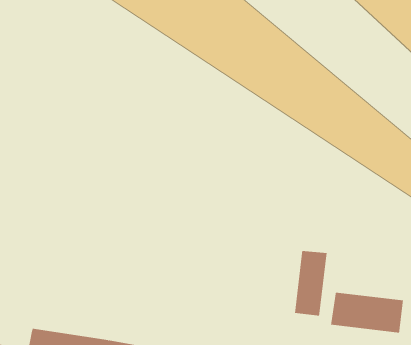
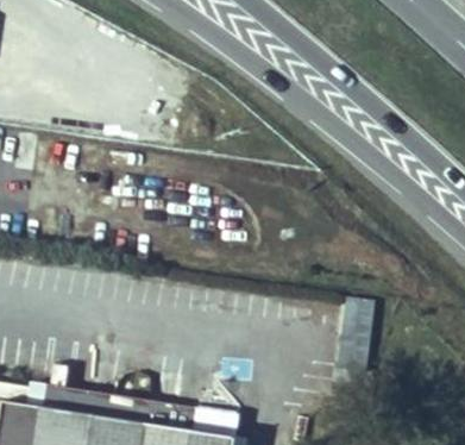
building: [330,292,403,333] -> none

